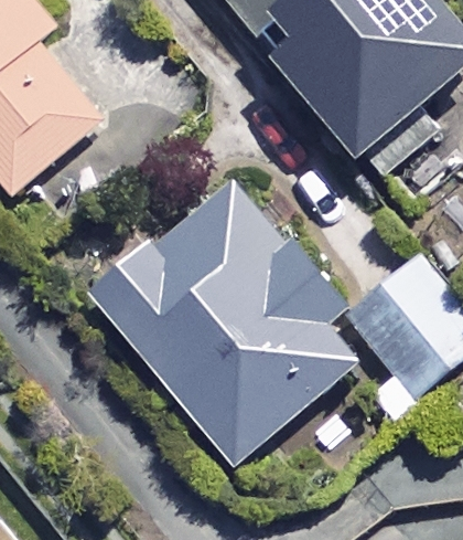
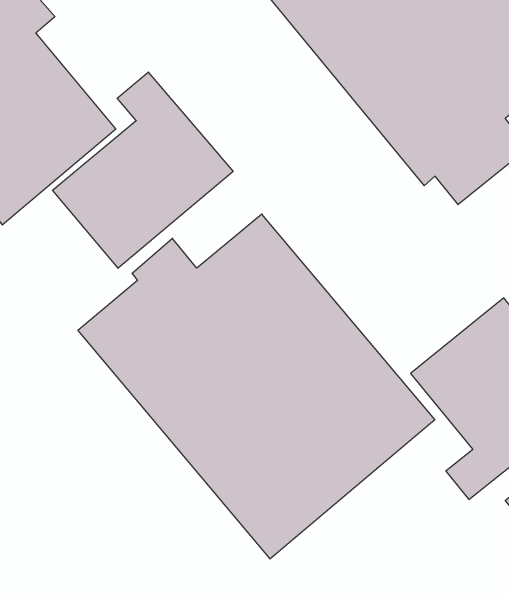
building: none -> [53,72,233,268]

